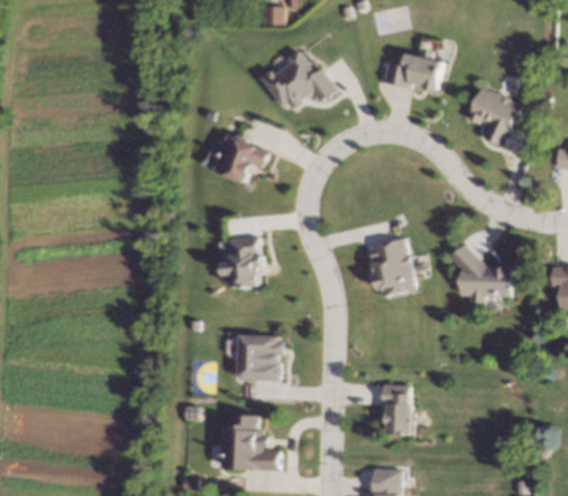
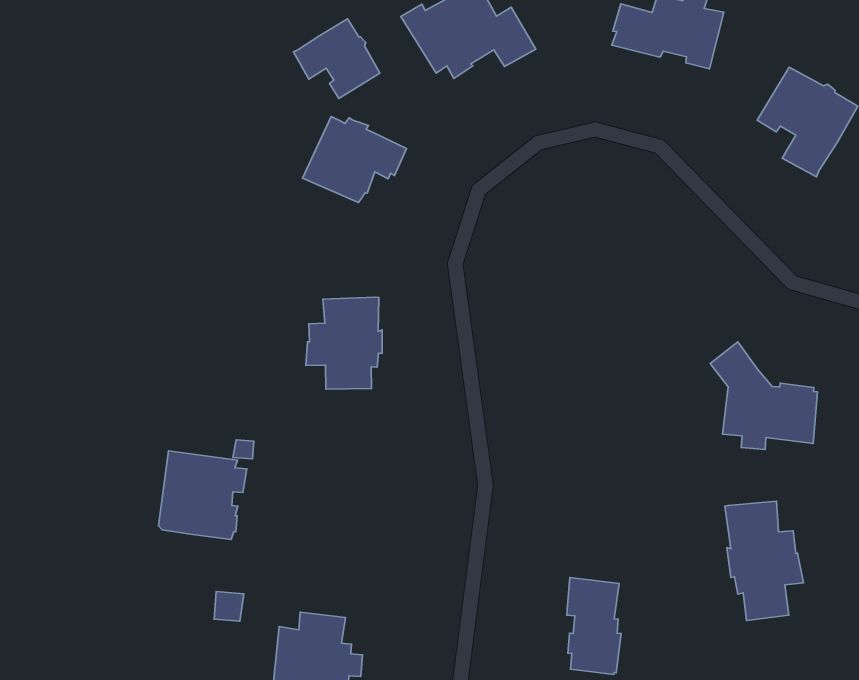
building: none -> [293,19,380,99]
building: [366,239,414,298] -> none
building: none -> [725,501,803,621]
building: [236,333,283,379] -> [159,451,247,539]

